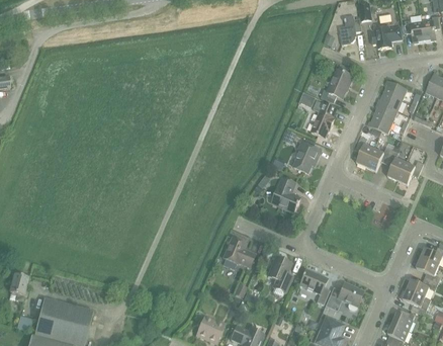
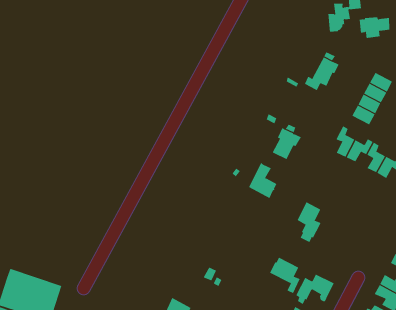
building: [311,99,335,137] -> none
building: [222,237,255,268] -> none
building: [267,255,291,295] -> [297,201,321,243]

